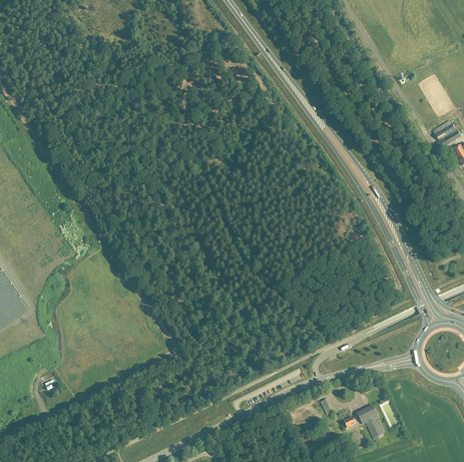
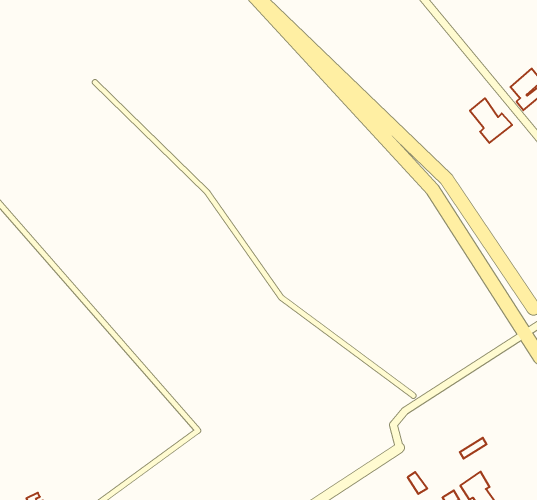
building: none -> [470,98,512,143]

